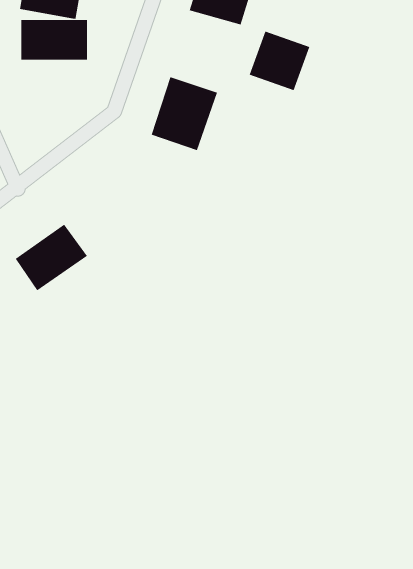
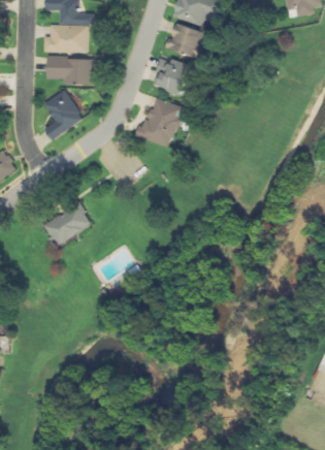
building: [249,31,310,91] -> [150,54,193,96]
building: none -> [40,88,85,139]

